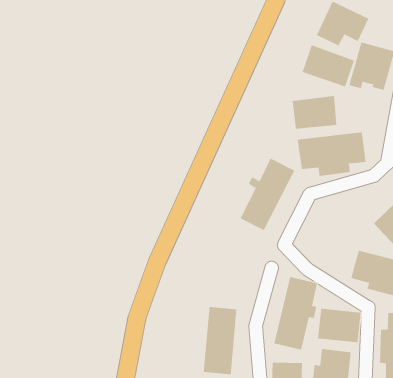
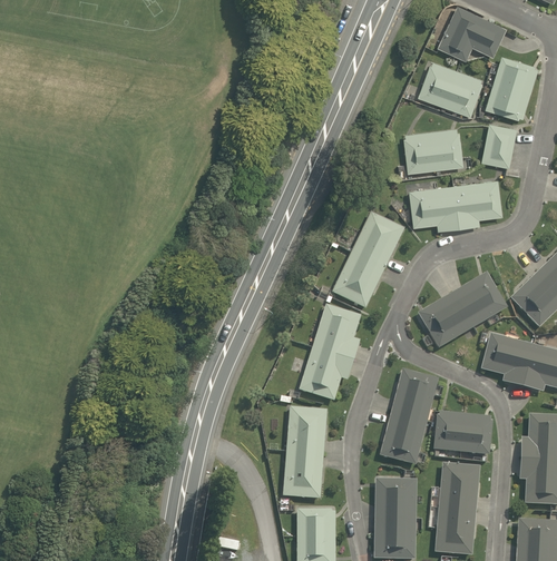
building: none -> [479,124,518,170]
building: none -> [416,270,506,347]
building: none -> [295,303,361,403]

